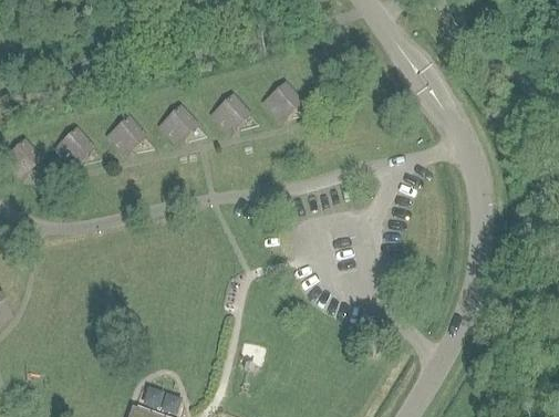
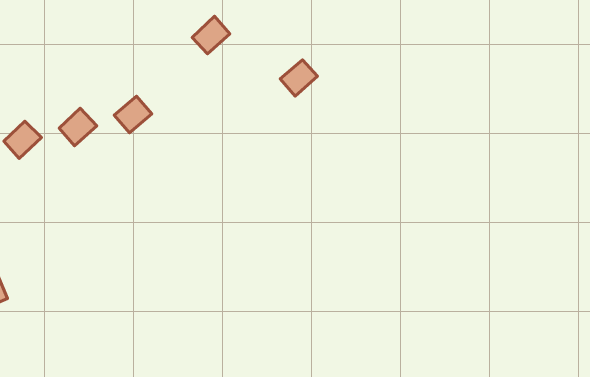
building: [214,96,249,132] -> [192,16,230,54]
building: [162,108,197,143] -> none

